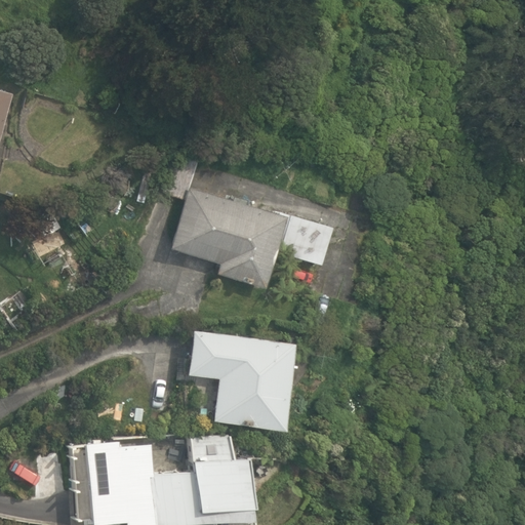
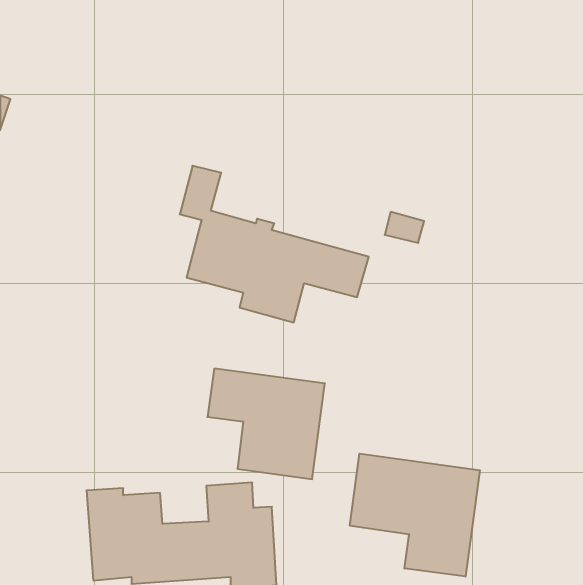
building: none -> [350,454,480,577]

